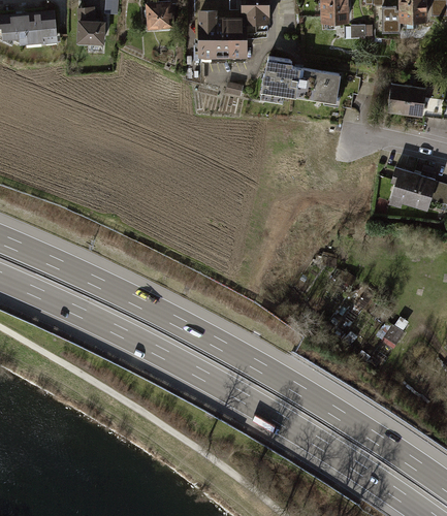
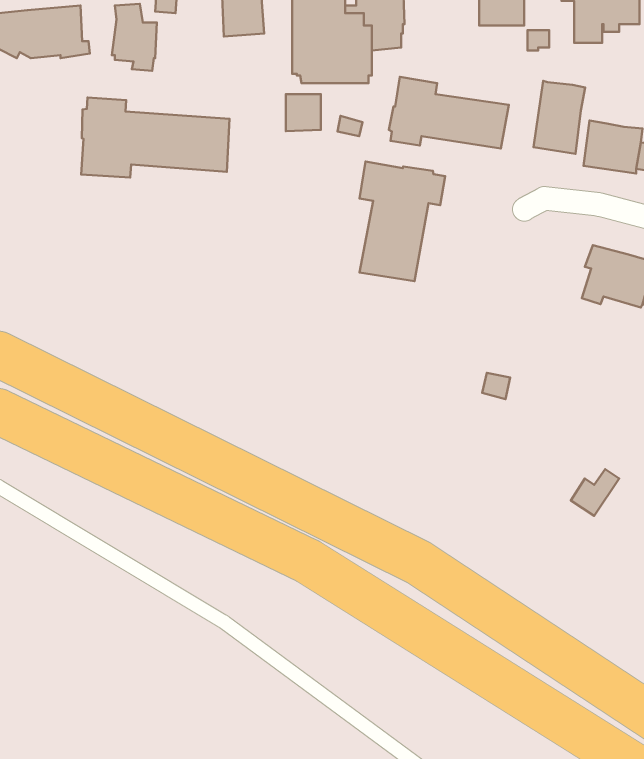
building: none -> [533,81,585,154]
building: none -> [286,94,321,131]
building: none -> [81,97,229,178]
building: none -> [360,162,445,281]

